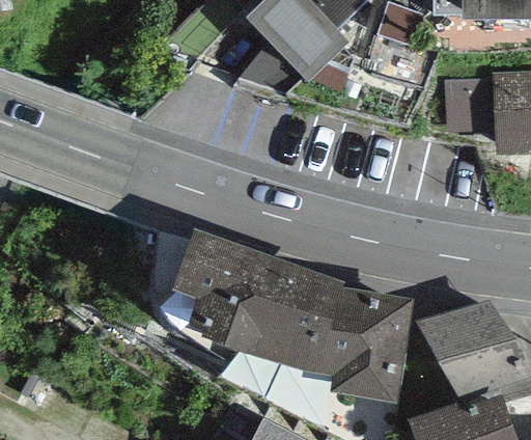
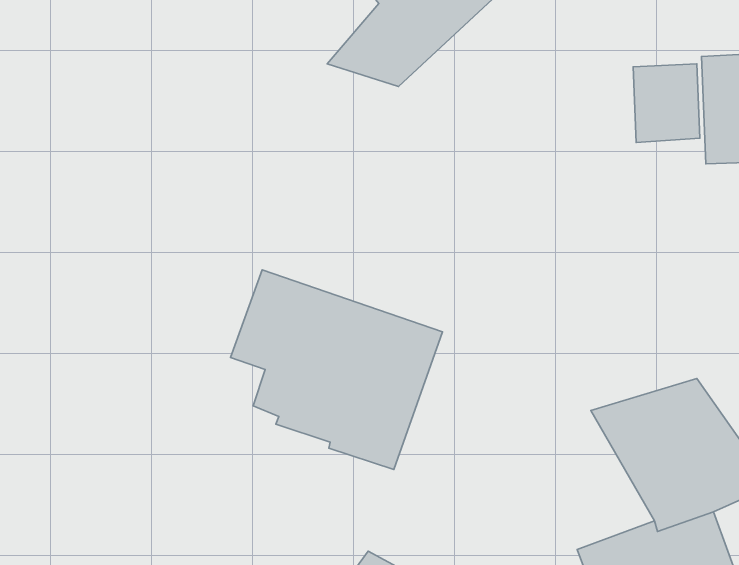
building: [282,270,413,404] -> none

